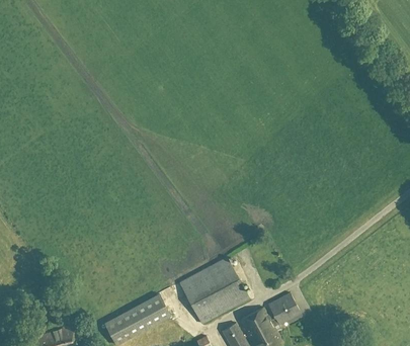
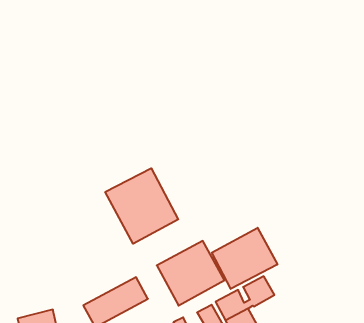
building: none -> [105,168,178,244]
building: none -> [212,228,277,289]

